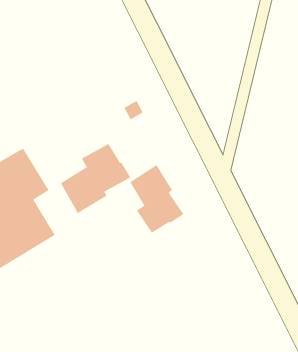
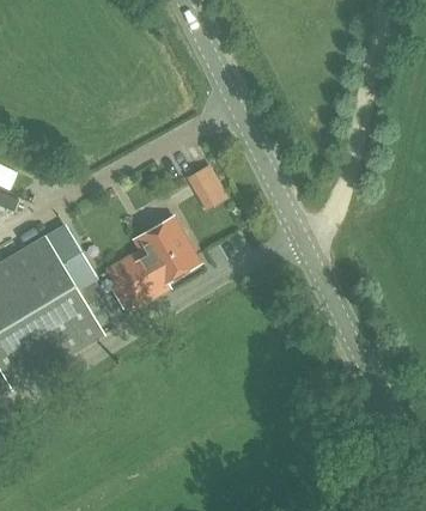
building: [130,164,184,234] -> none

